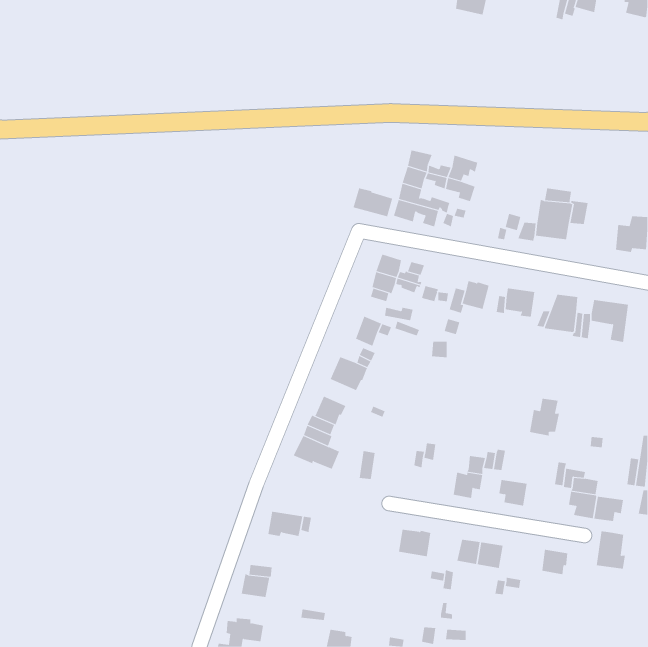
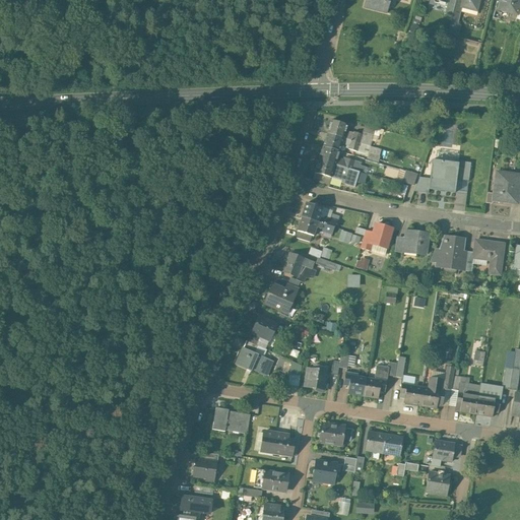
building: [353,188,393,217] -> none
building: [529,398,560,436] -> [419,378,444,408]
building: none -> [307,365,327,392]
building: none -> [343,373,366,396]
building: [596,531,625,569] -> none
building: none -> [262,432,295,456]
building: none -> [313,460,337,483]
building: none -> [254,469,287,492]
building: none -> [426,471,450,495]

